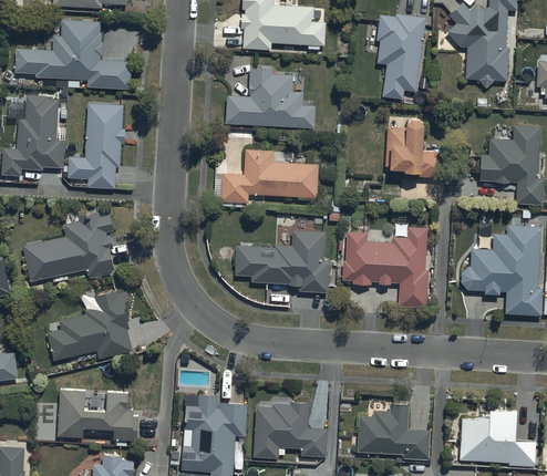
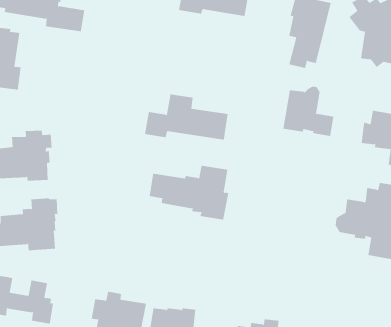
building: [225,70,316,127] -> none
building: [66,103,125,188] -> none
building: [342,227,427,307] -> none

